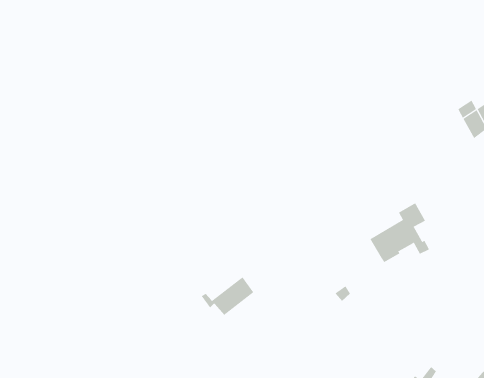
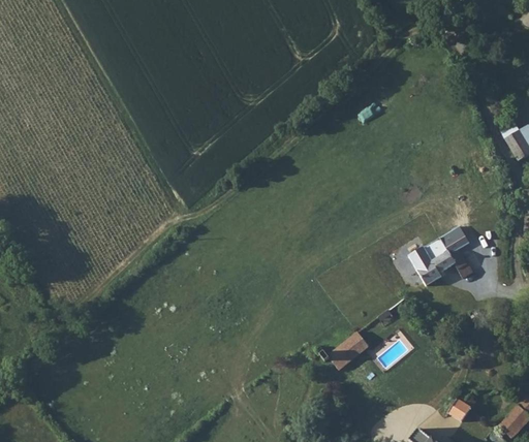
building: [201,277,254,316] -> [316,330,370,370]

